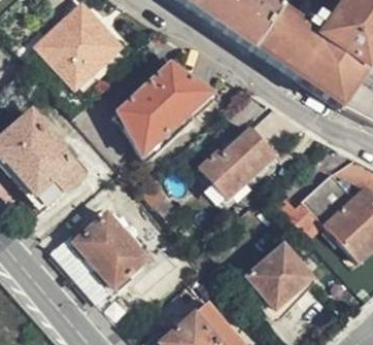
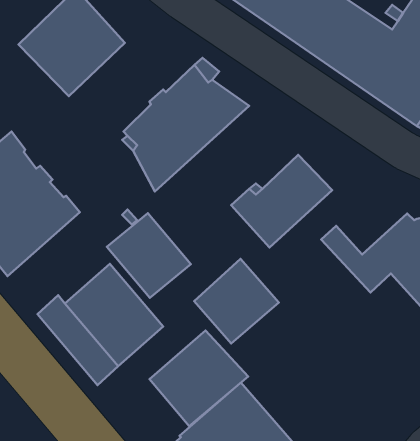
building: none -> [107,213,191,298]
building: [249,242,313,306] -> [194,259,279,343]
building: none -> [149,331,248,426]

